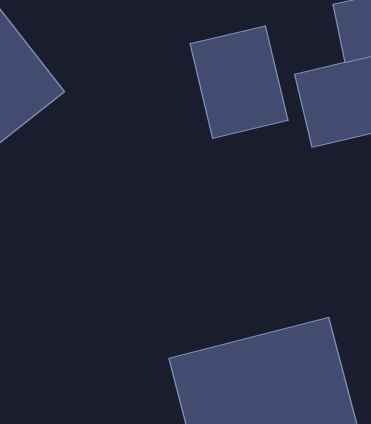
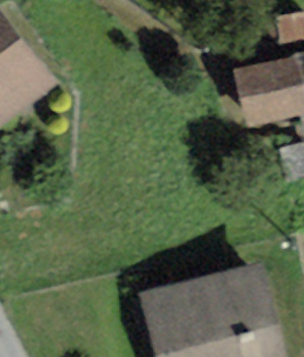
building: [190,26,288,138] -> none

